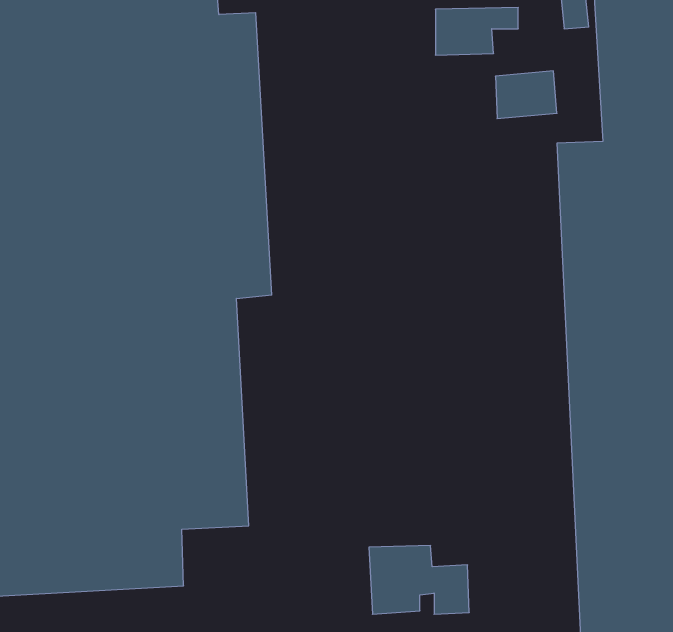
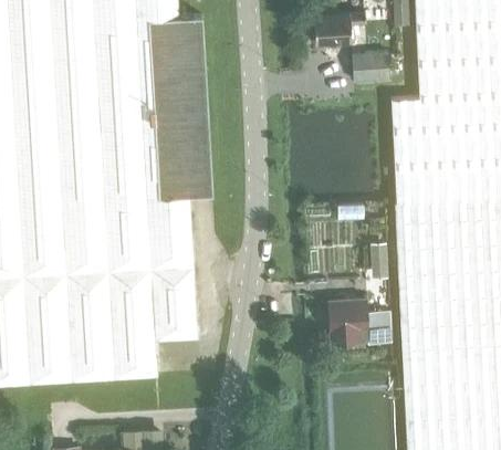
building: [369,546,469,614] -> [328,300,392,343]

